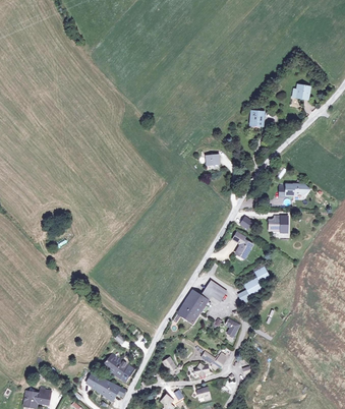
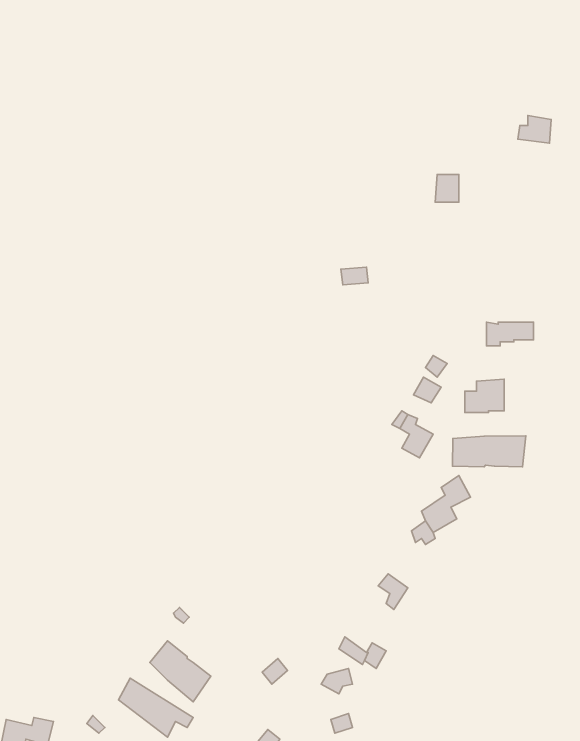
building: none -> [453,436,526,467]
building: [174,281,226,324] -> none

